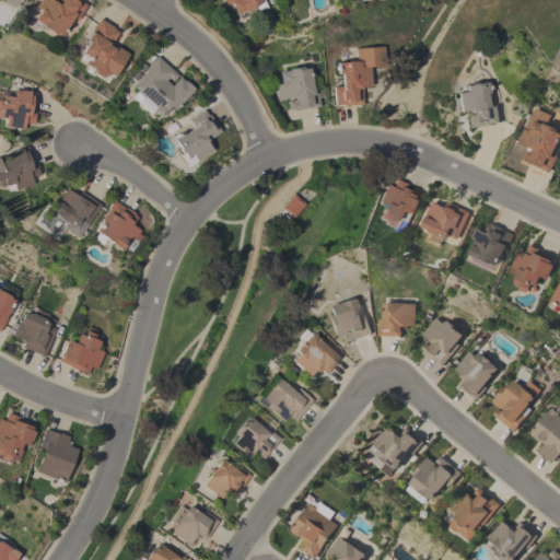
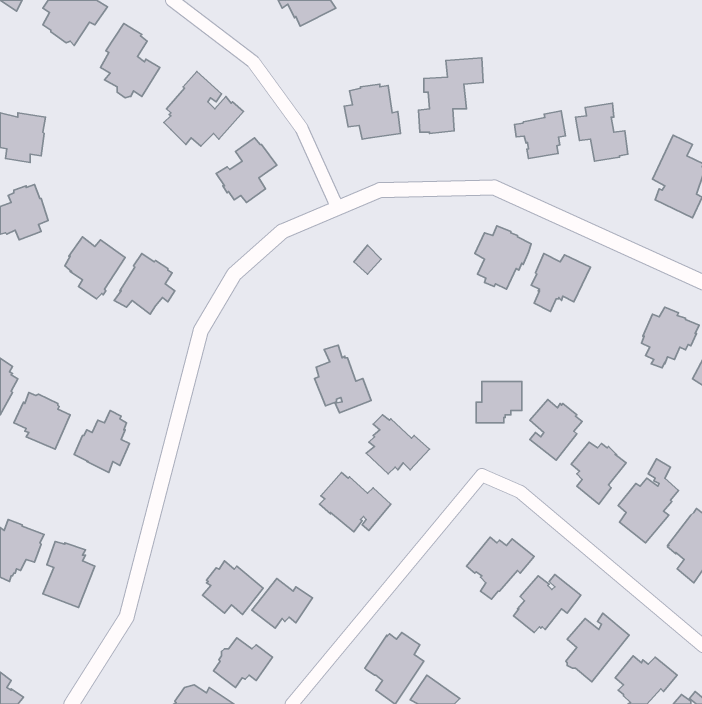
building: none -> [514,111,565,159]
building: [468,223,514,272] -> none
building: [328,289,373,342] -> [315,345,371,413]
building: [231,417,279,459] -> [203,561,263,615]

